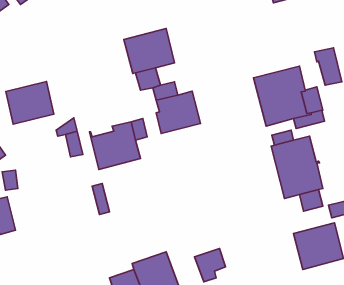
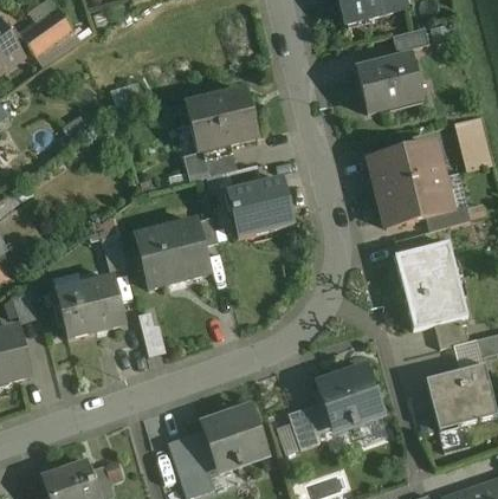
building: none -> [356,54,422,111]
building: [6,82,54,124] -> [56,277,124,337]
building: none -> [315,364,381,428]

